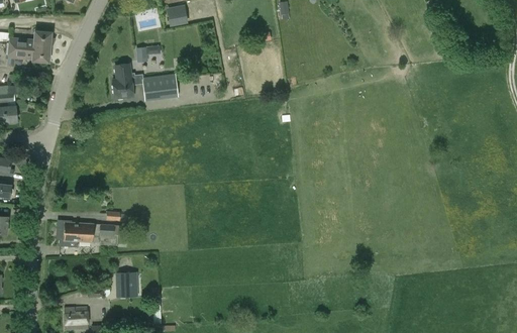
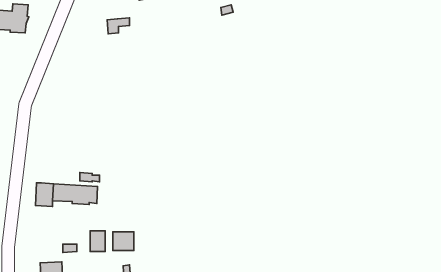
building: [111,64,178,102] -> none
building: none -> [113,232,134,251]

